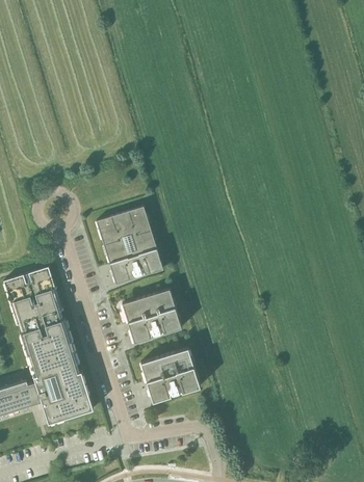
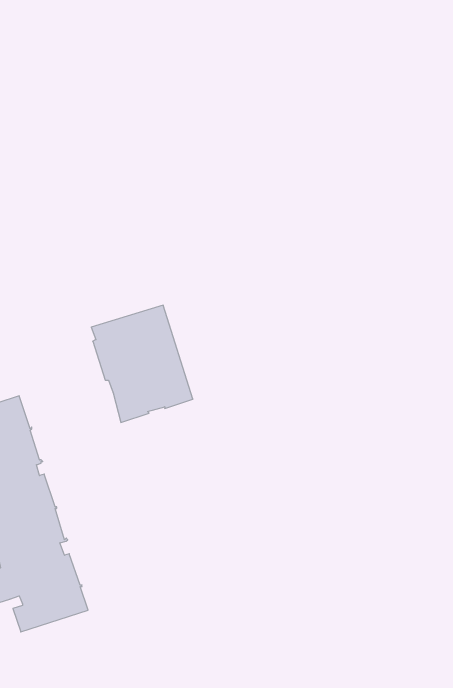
building: [110,289,181,343] -> none
building: [139,348,200,402] -> none

